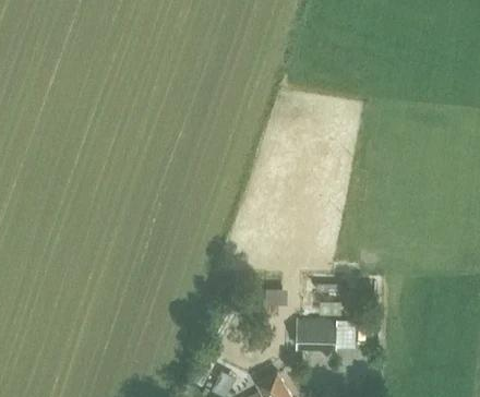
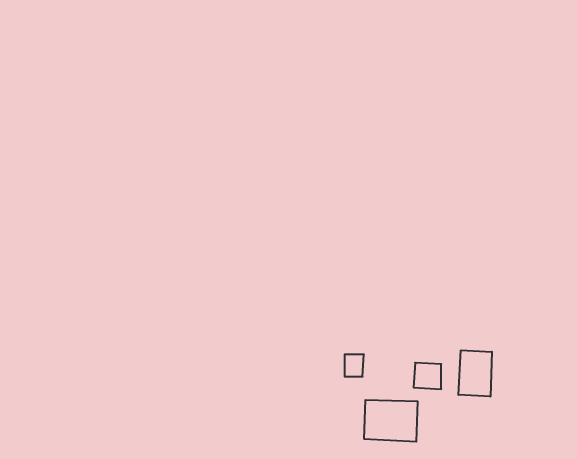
building: none -> [458,350,492,397]

